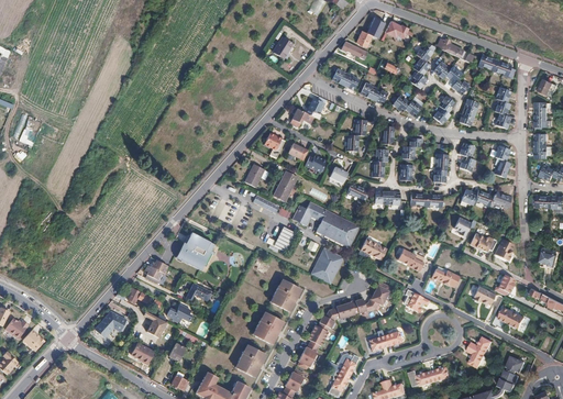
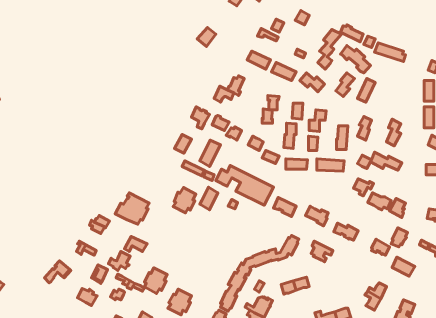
building: [493,86,510,129] -> none
building: [310,246,343,282] -> none
building: [271,278,297,308] -> [173,187,196,213]
building: [254,311,280,341] -> [144,268,167,293]

